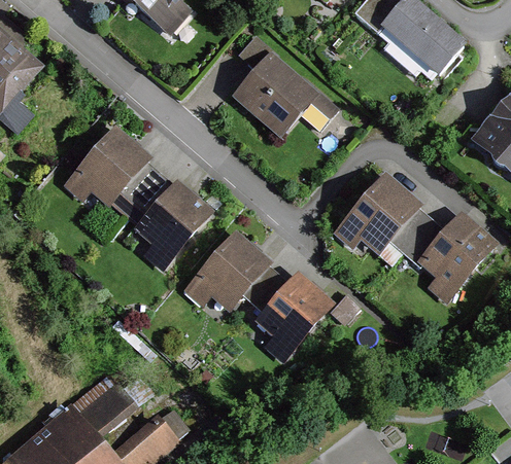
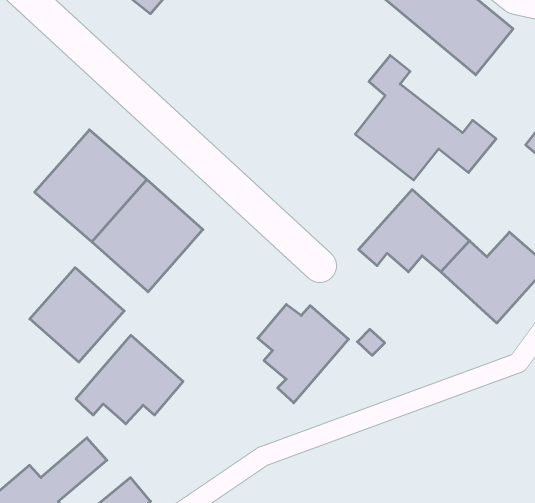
building: [227,35,343,138] -> [355,55,496,180]
building: [193,235,281,308] -> [76,335,183,424]
building: none -> [30,268,124,362]

